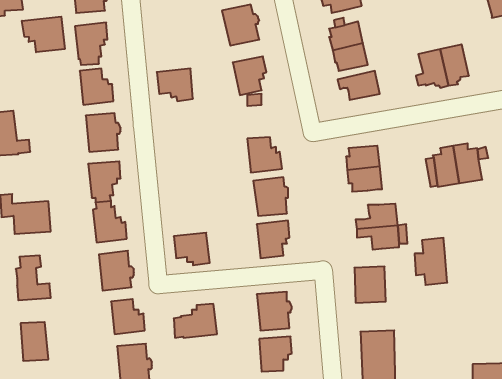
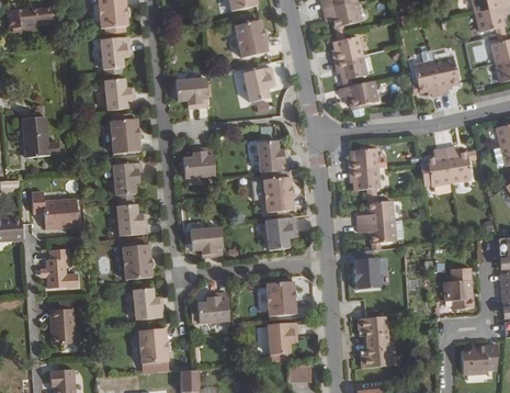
building: [22,17,65,52] -> none
building: none -> [181,147,214,178]
building: [415,238,447,285] -> [442,267,472,310]

